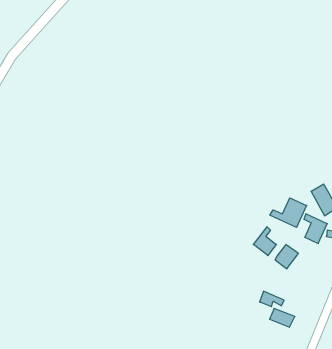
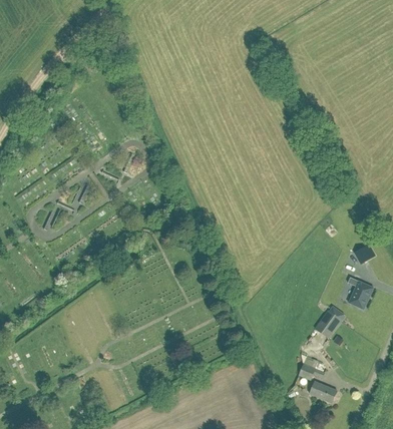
building: [270,198,307,227] -> none
building: [253,227,276,256] -> none

